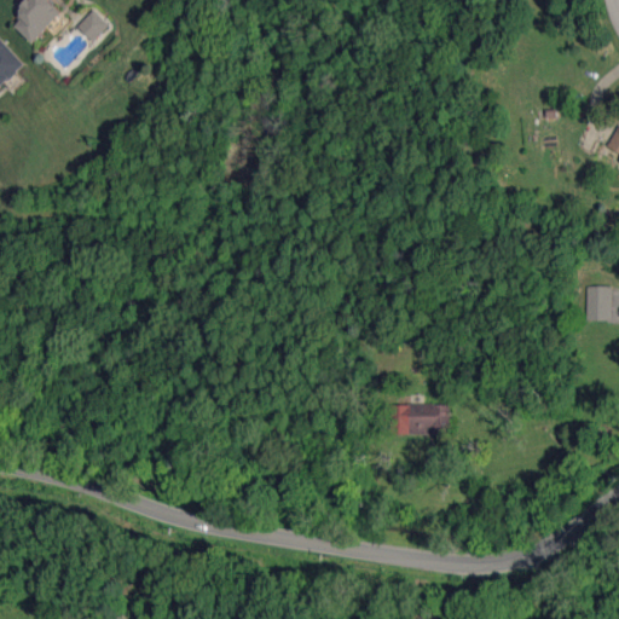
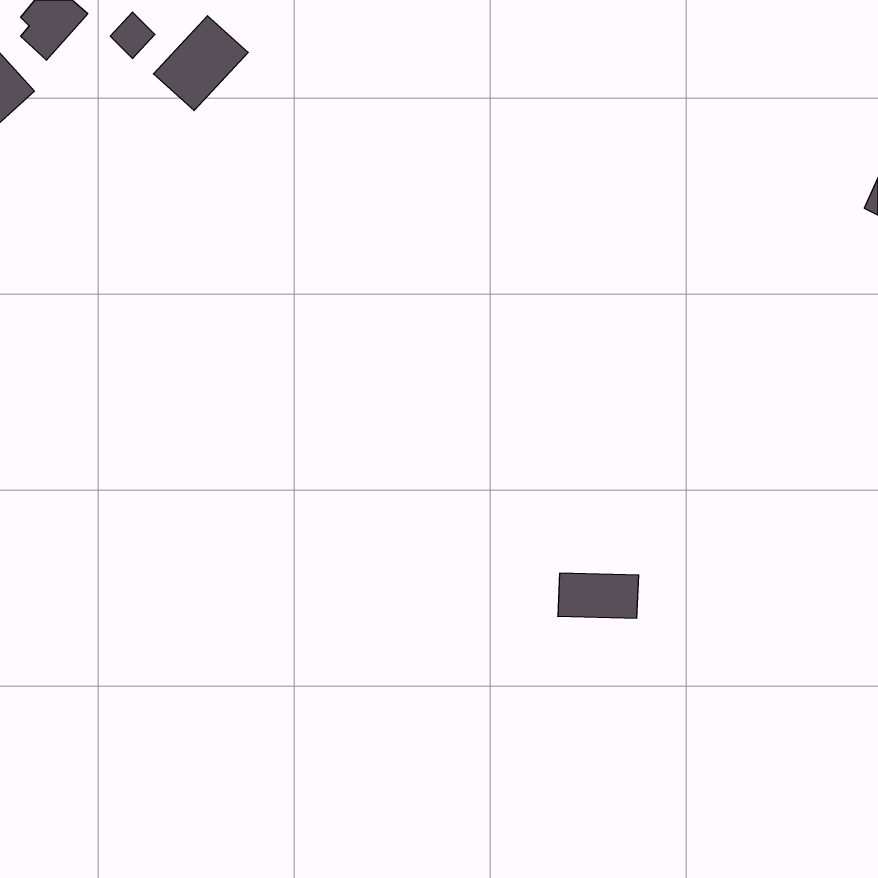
building: none -> [153,16,248,111]
building: [585,287,611,320] -> none

